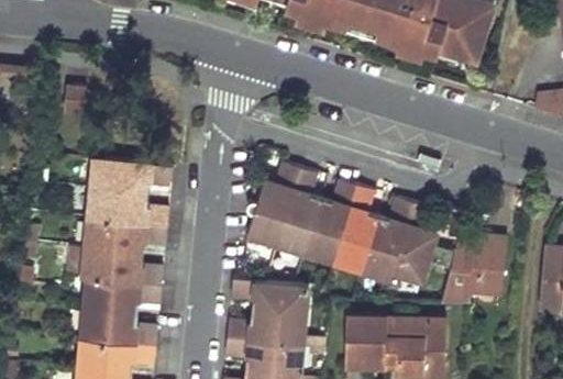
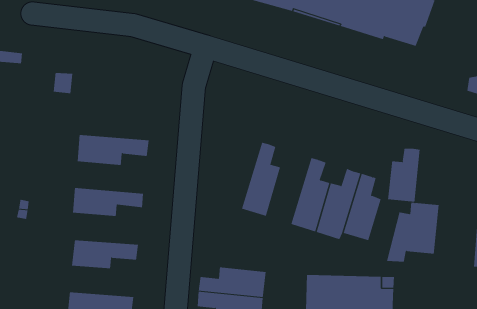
building: [246,165,299,246] -> none
building: none -> [387,148,420,203]
building: [305,182,355,264] -> none
building: [86,192,167,228] -> none
building: [80,250,162,287] -> none
building: [231,280,308,317] -> none
building: [80,311,155,346] -> none

